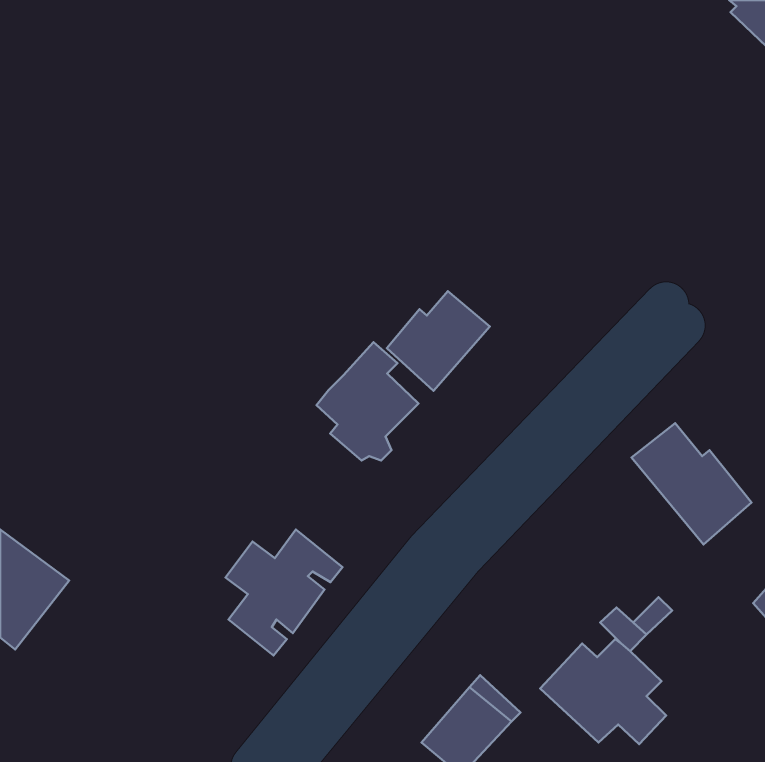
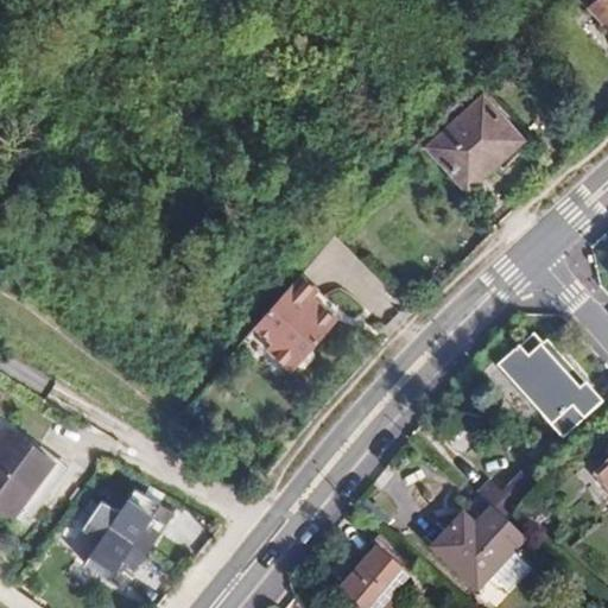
building: none -> [429,100,522,192]
building: [387,291,490,391] -> none
building: [225,530,342,656] -> [78,483,171,583]

